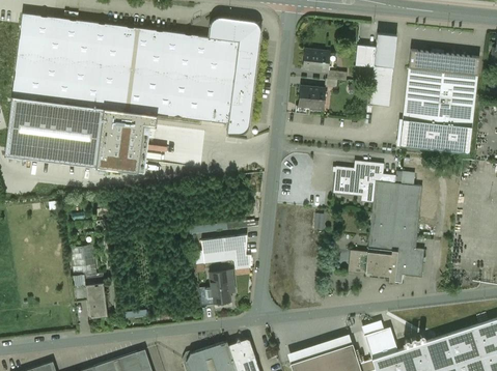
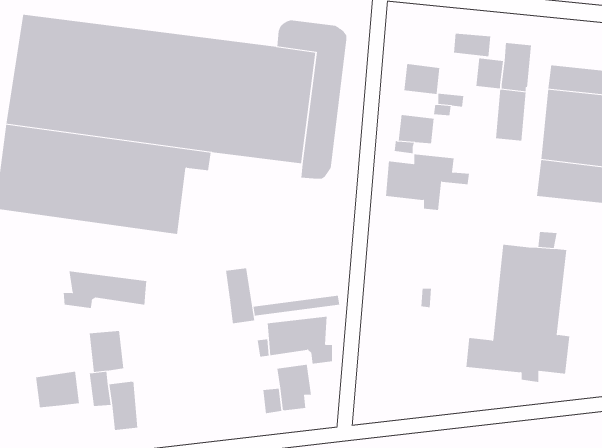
building: none -> [453,33,491,57]
building: [333,162,395,203] -> [385,154,470,210]
building: none -> [226,267,255,324]
building: none -> [63,271,147,309]
building: none -> [36,371,80,408]

